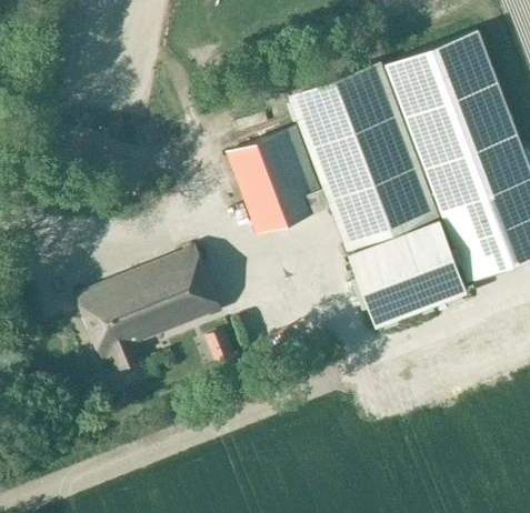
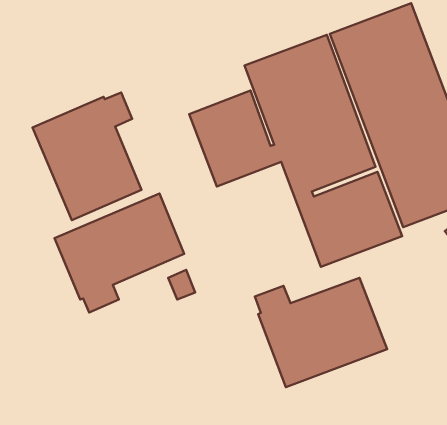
building: none -> [32,92,141,220]
building: none -> [255,278,387,387]

